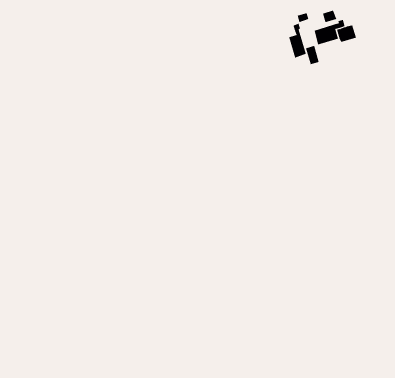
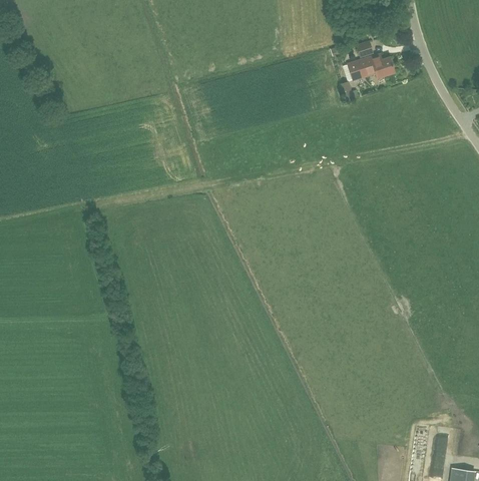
building: [288,23,307,59] -> none

